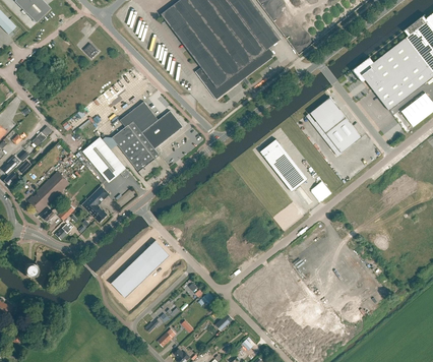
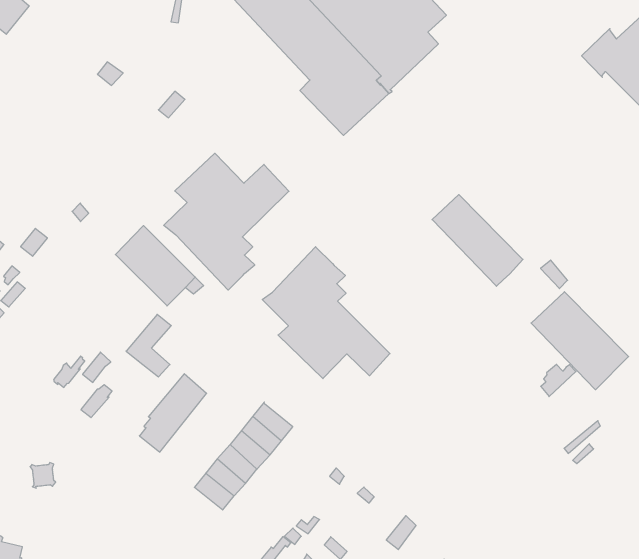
building: [309,97,361,153] -> [531,292,629,390]
building: none -> [262,247,390,379]
building: [28,170,68,212] -> [139,374,207,452]

